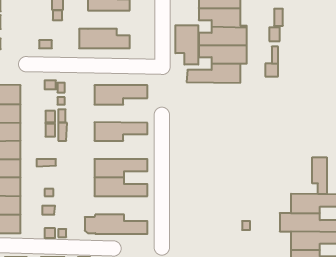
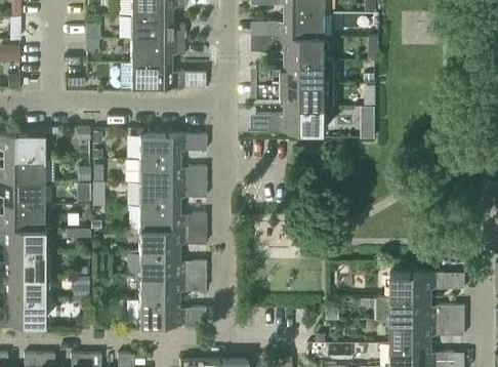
building: none -> [131,39,184,63]
building: [175,25,198,65] -> none
building: none -> [139,159,207,182]
building: none -> [139,205,207,229]
building: [312,157,327,194] -> none
building: none -> [139,276,207,299]

